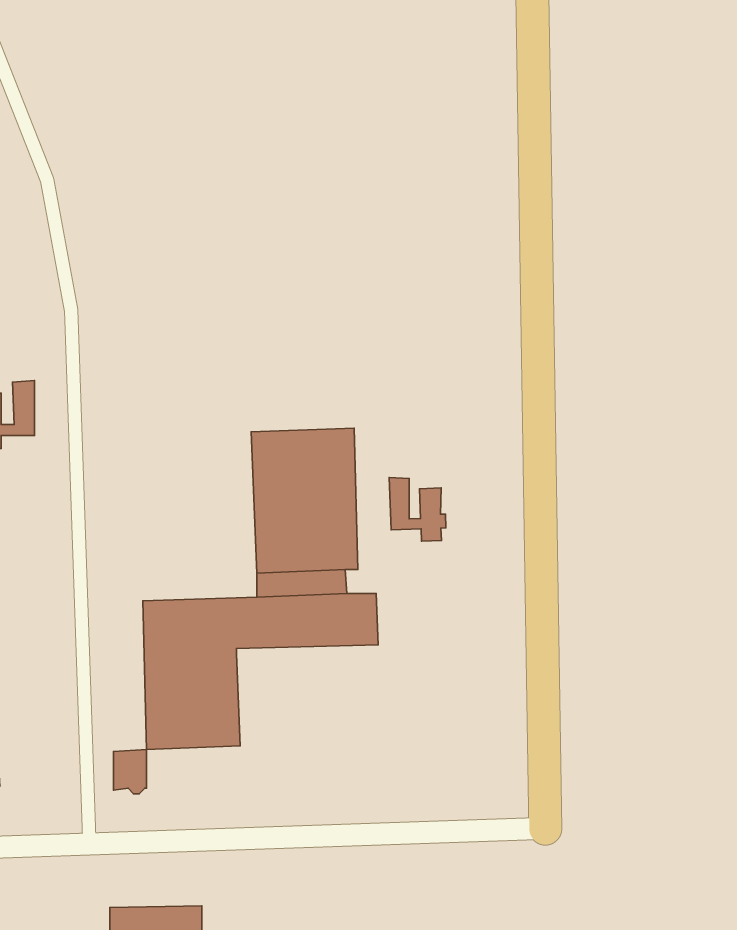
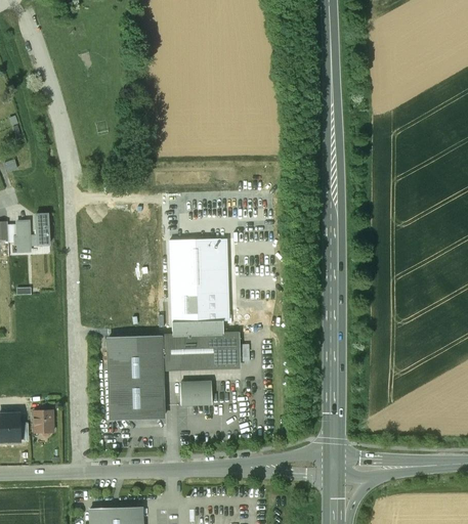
building: [389,478,446,541] -> none
building: none -> [180,382,212,404]
building: [113,750,147,794] -> [34,409,52,434]

